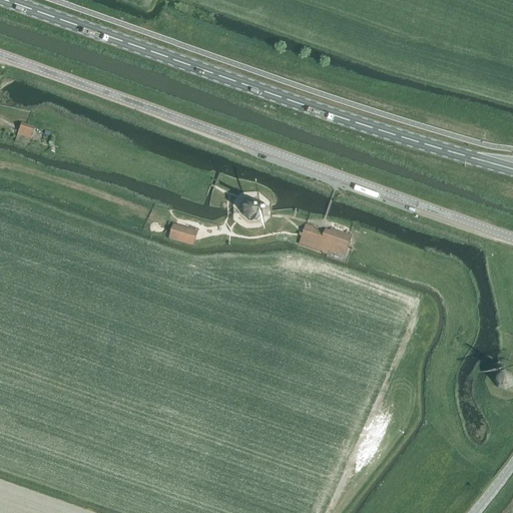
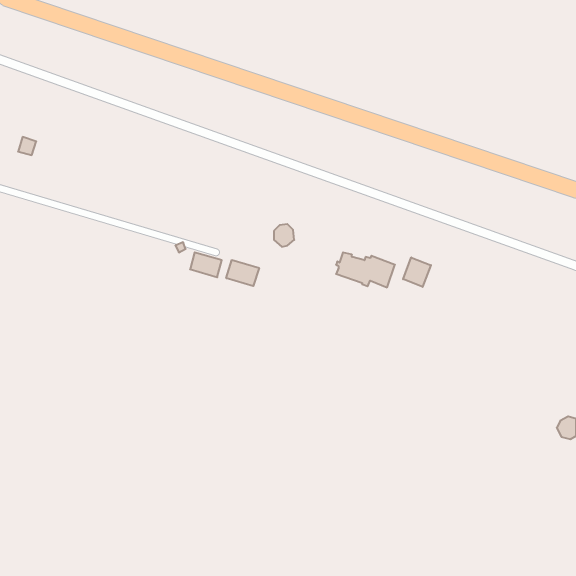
building: none -> [403,257,431,287]
building: none -> [226,260,259,286]

